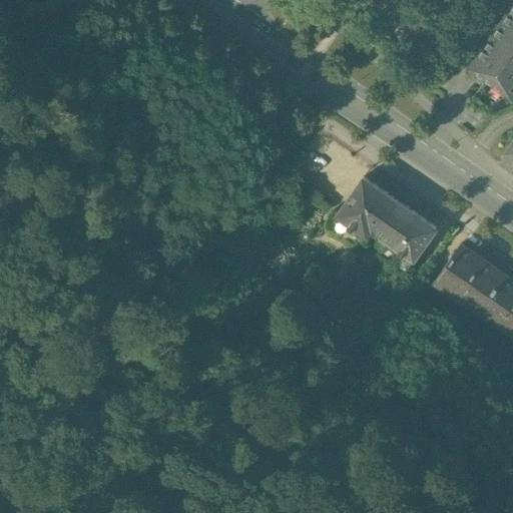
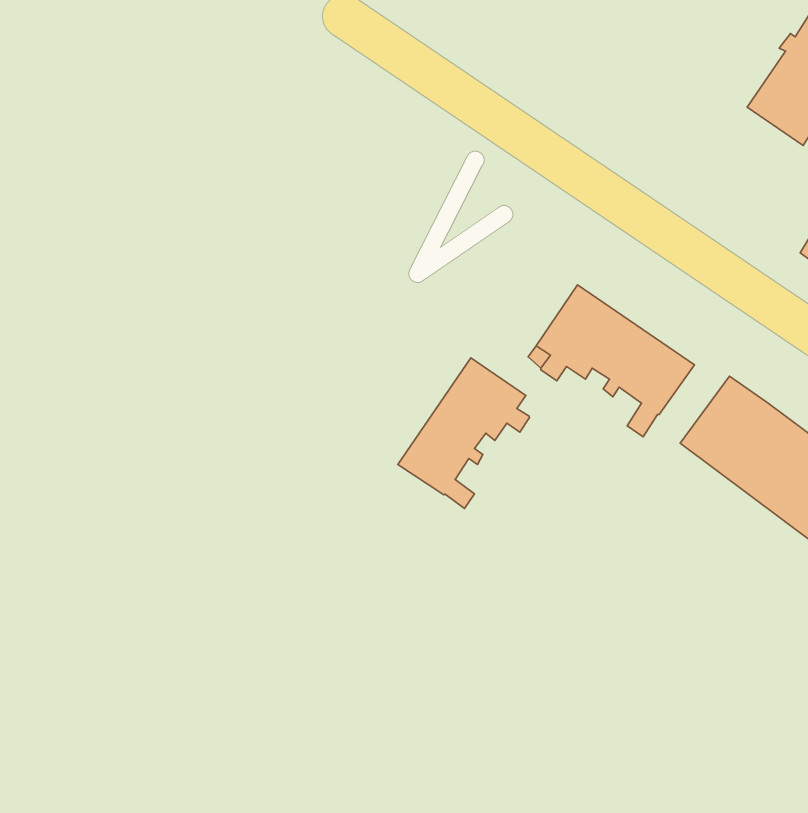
building: none -> [398,358,530,509]

